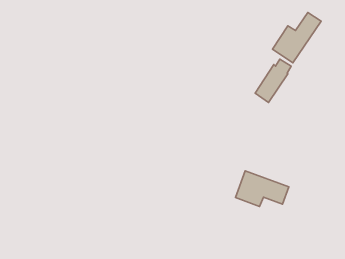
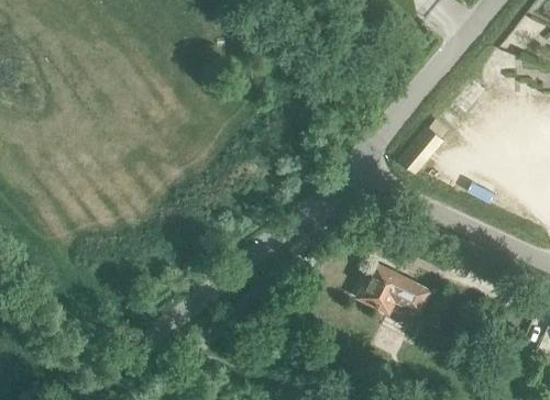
building: [273,12,321,63] -> none

